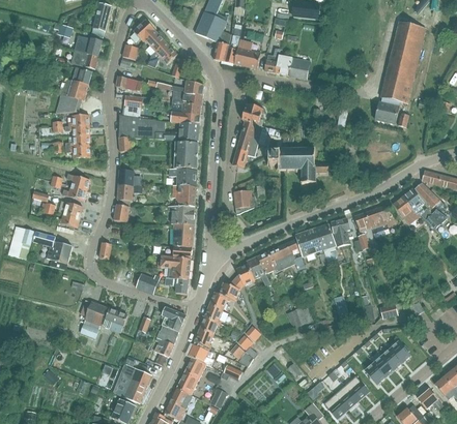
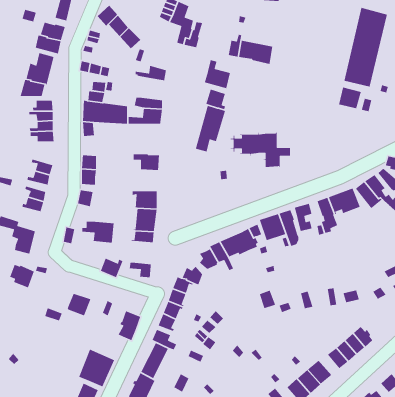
building: [233,39,260,69] -> [204,59,231,89]
building: [171,91,201,115] -> none
building: [170,142,197,169] -> none
building: [169,185,195,206] -> none
building: [233,189,256,214] -> none
building: [156,256,190,279] -> [82,221,115,244]
building: [81,300,107,325] -> [9,264,35,289]
building: [152,306,185,332] -> none

